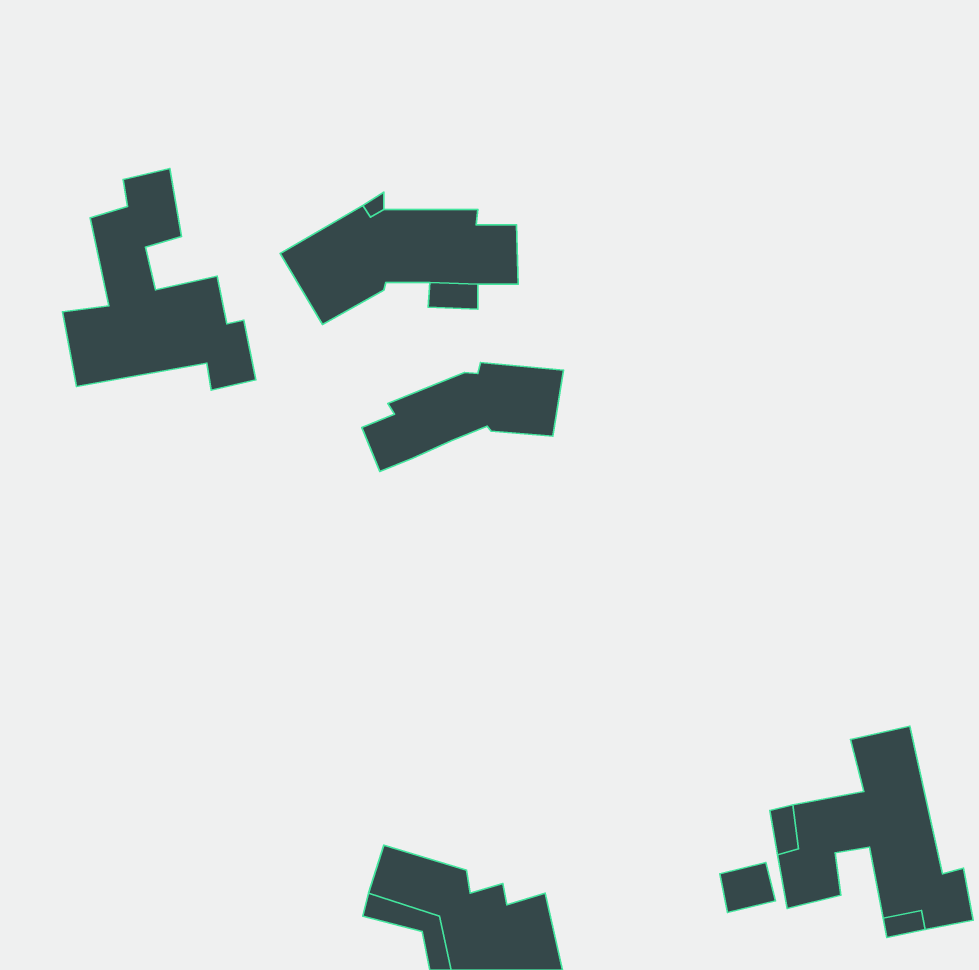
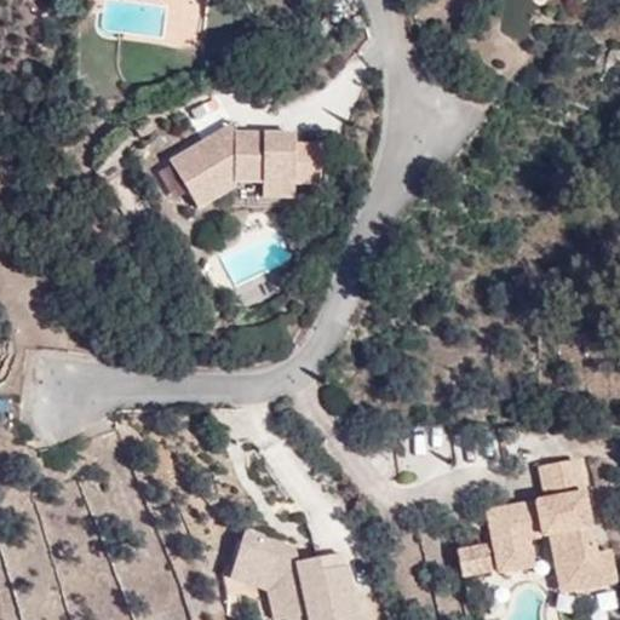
building: [62,169,256,390] -> none
building: [362,363,564,472] -> none

